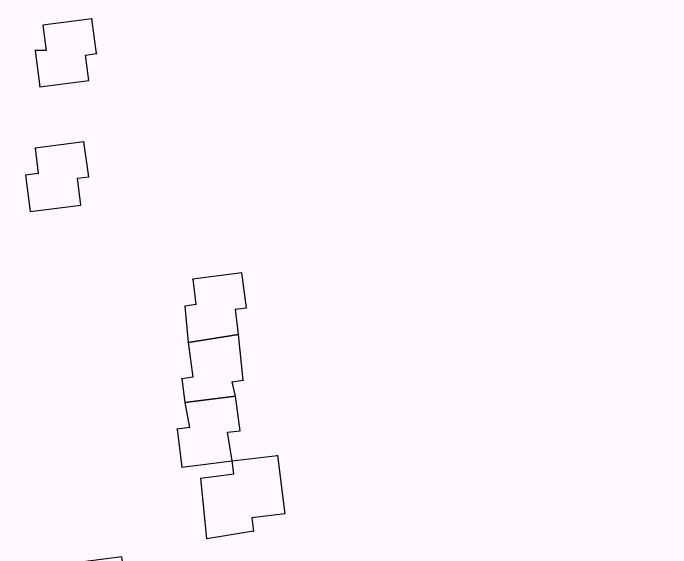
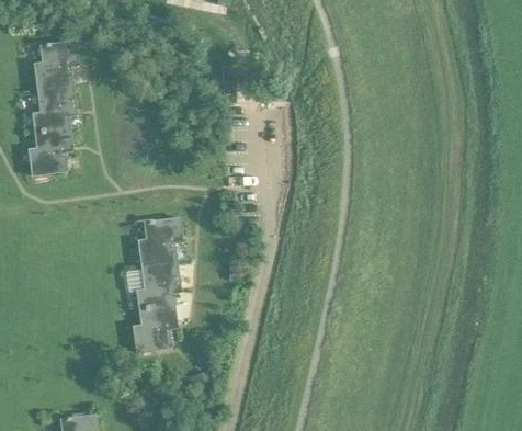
building: none -> [32,84,76,132]
building: [201,455,285,539] -> none

